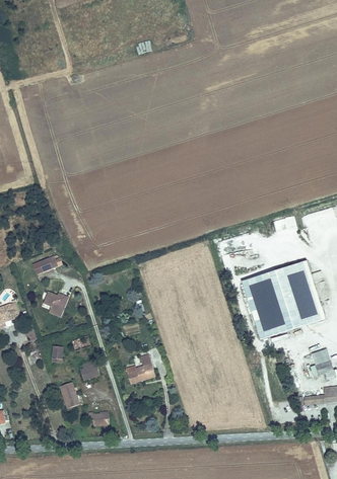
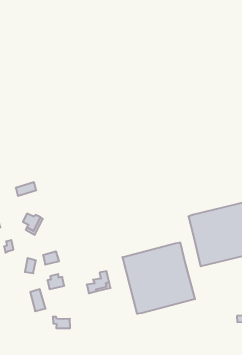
building: none -> [122,242,195,314]

